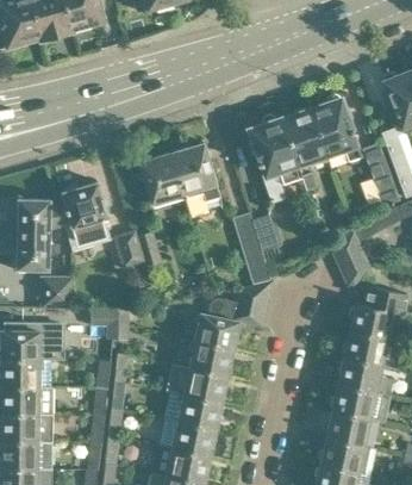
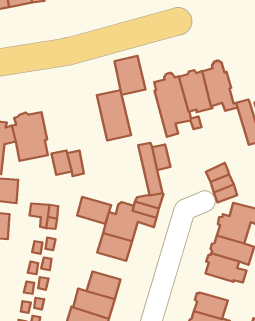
building: [139,153,185,207] -> [115,56,146,95]
building: [182,368,227,403] -> [77,197,111,224]
building: [329,386,389,424] -> none

